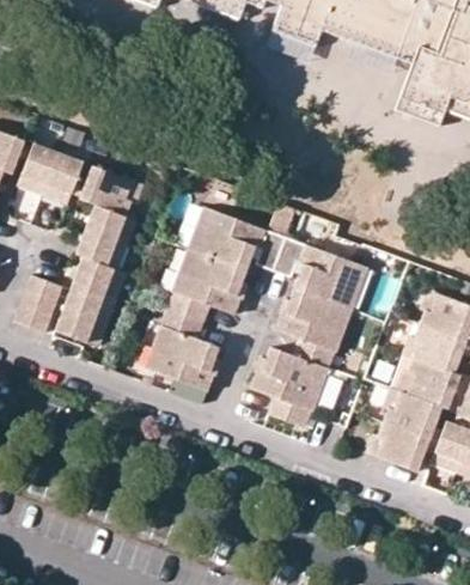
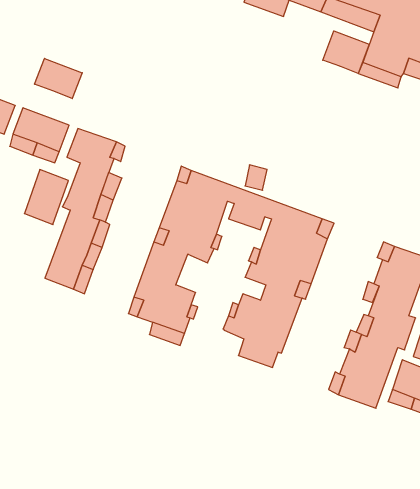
building: none -> [323,31,369,74]
building: none -> [35,58,82,99]
building: [16,273,63,333] -> [24,170,68,225]

